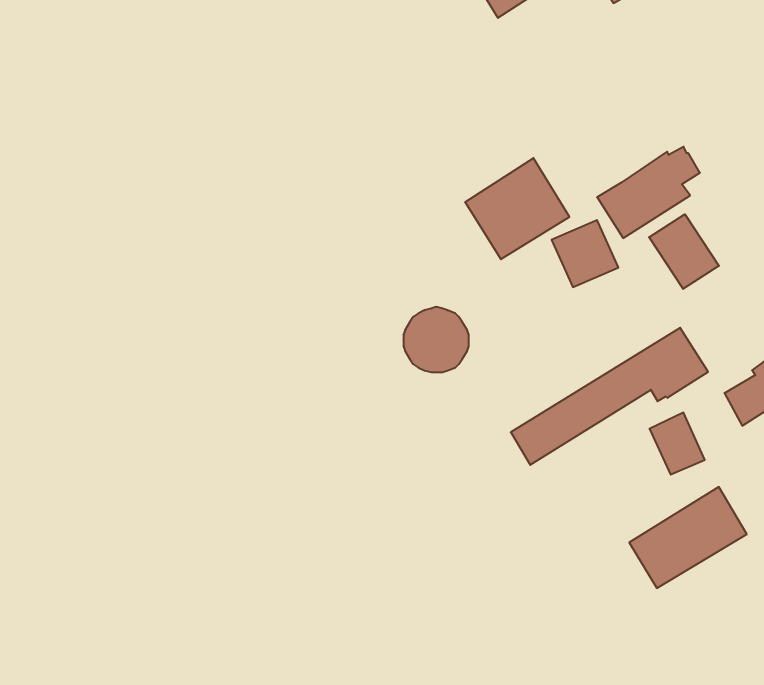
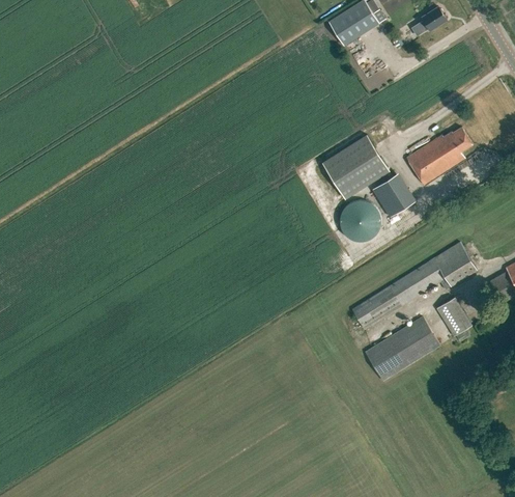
building: [649,214,719,289] -> none
building: [403,307,469,372] -> [339,199,380,241]
building: [629,487,747,588] -> [364,314,438,379]

